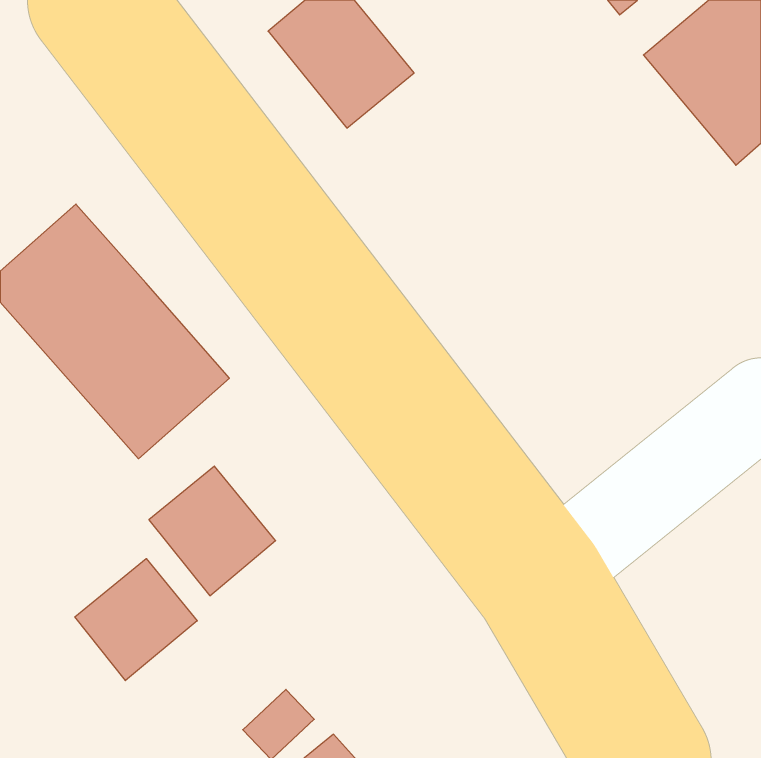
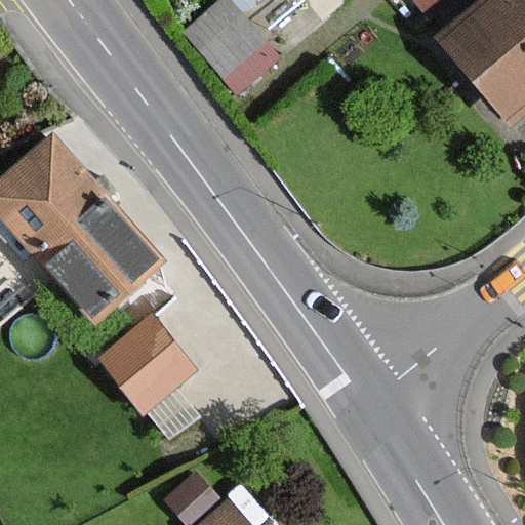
building: [75,559,197,681] -> none

